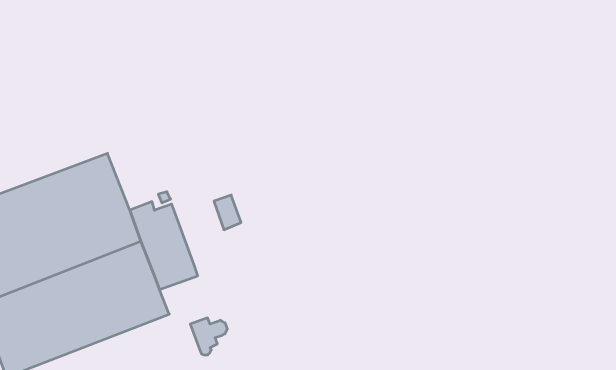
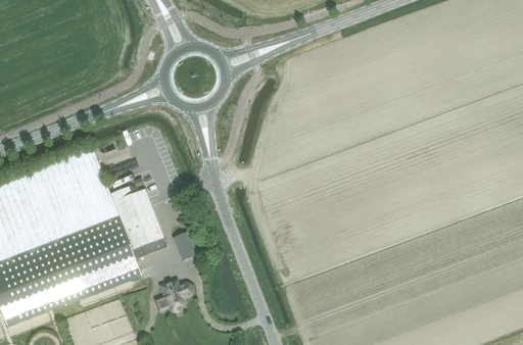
building: [214,195,241,230] -> [173,233,195,261]

